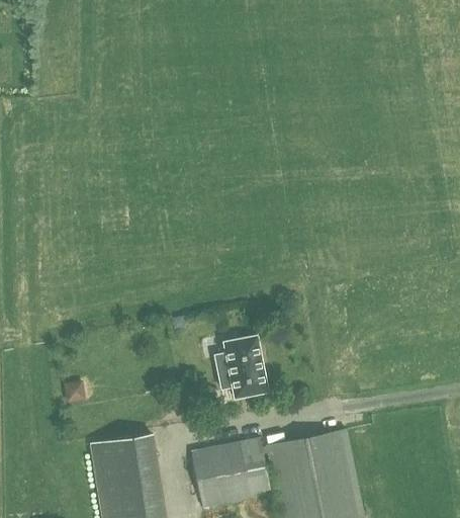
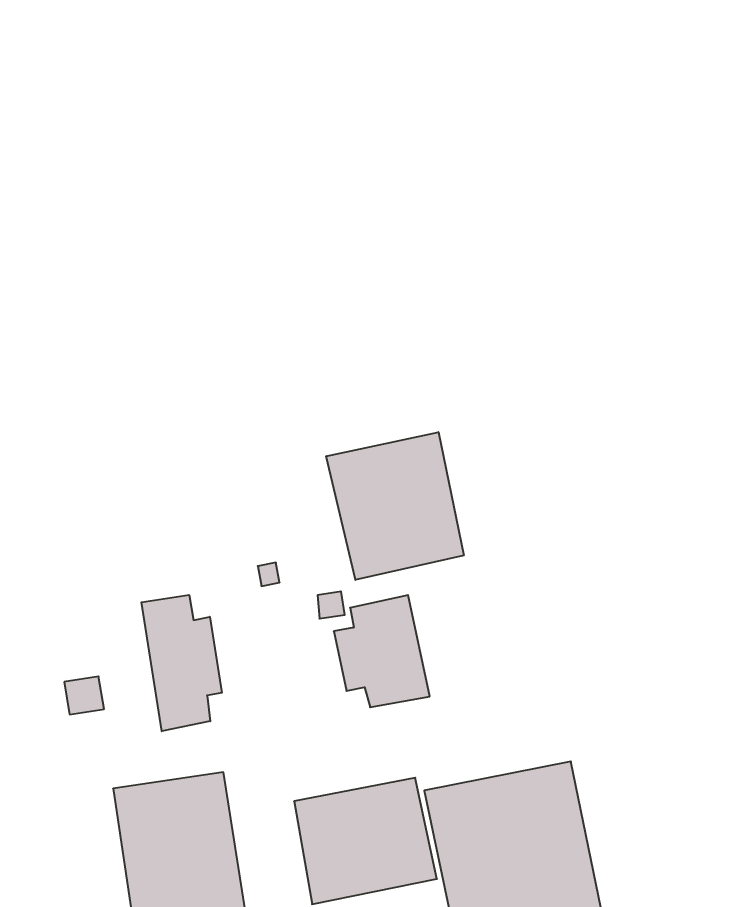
building: none -> [326,432,464,580]
building: none -> [141,595,222,731]

